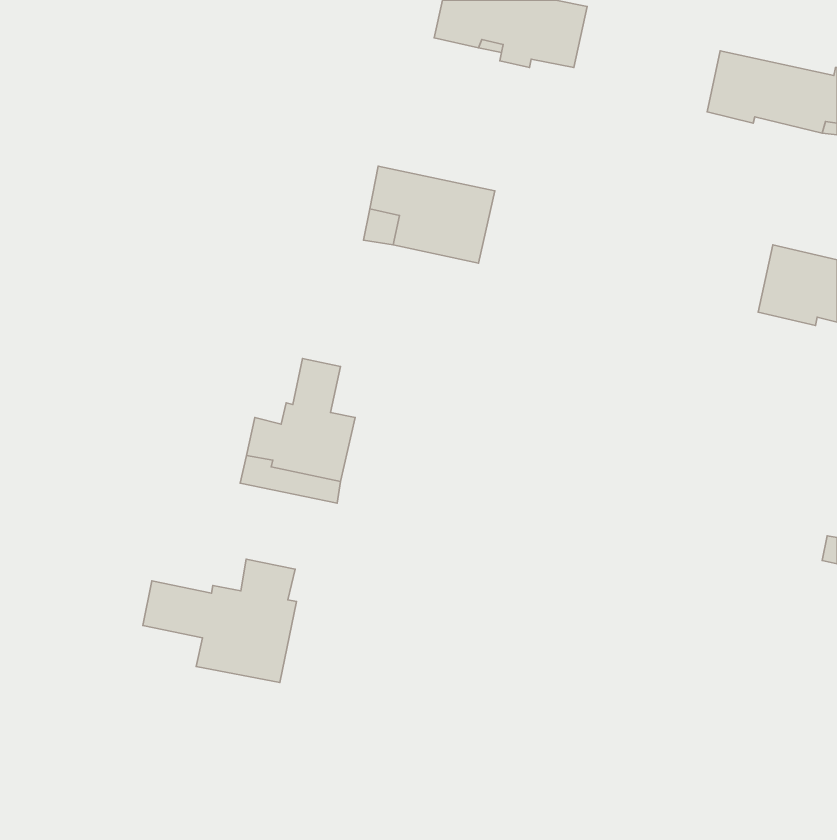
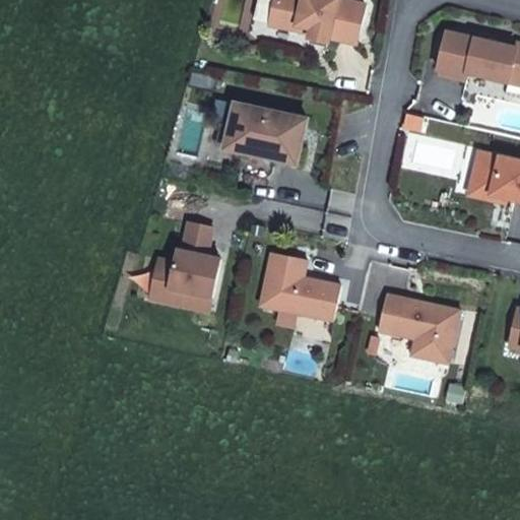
building: none -> [261,254,340,320]
building: none -> [379,295,460,364]
building: [143,559,296,683] -> none

